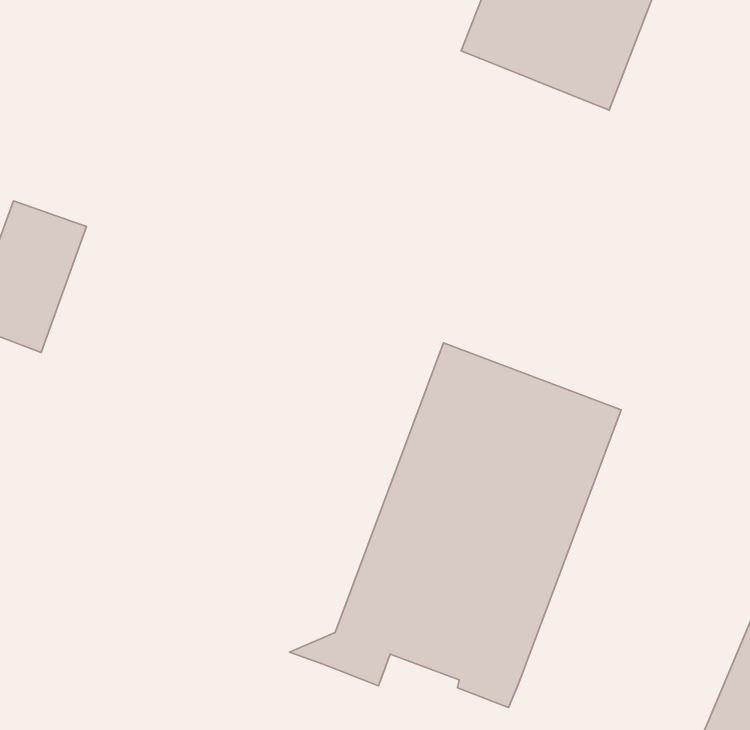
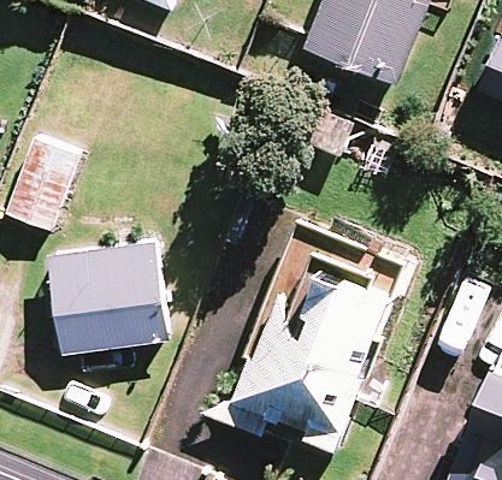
building: none -> [51,245,161,352]

